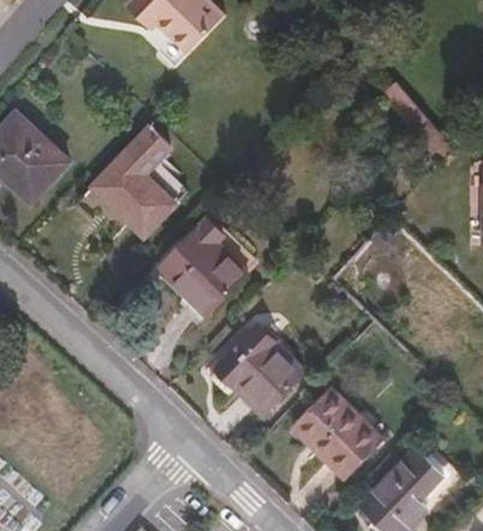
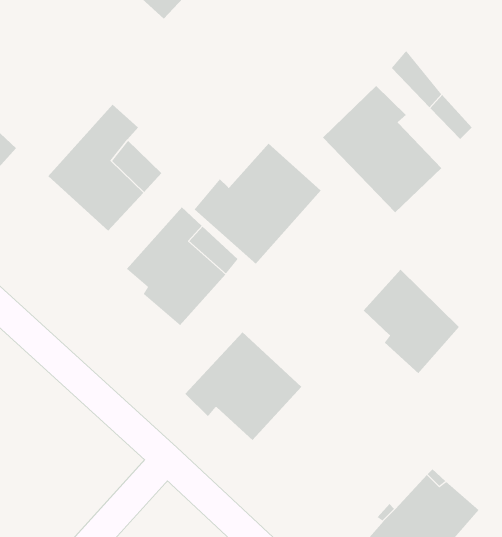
building: none -> [322,85,442,213]
building: none -> [194,143,321,264]
building: [297,388,381,479] -> [363,269,460,374]

